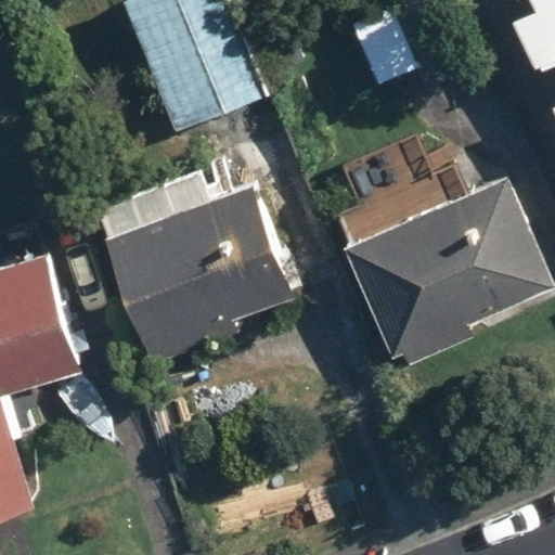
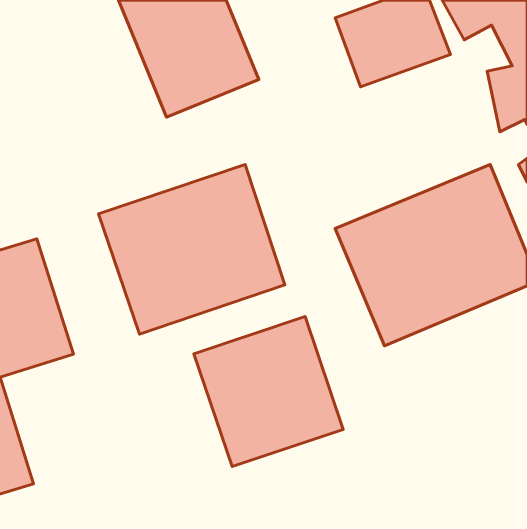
building: none -> [194,316,343,467]

